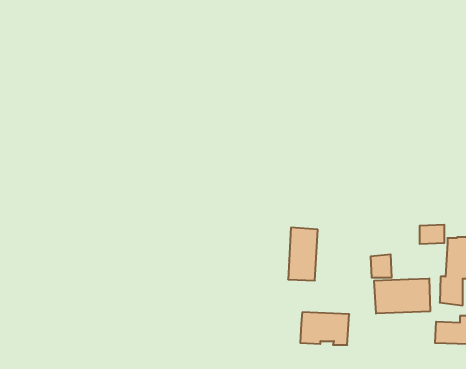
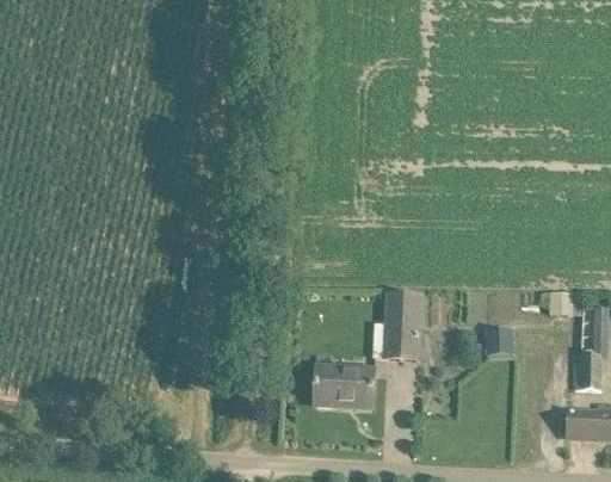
building: [374,278,430,314] -> none
building: [300,312,349,345] -> [315,366,376,407]

